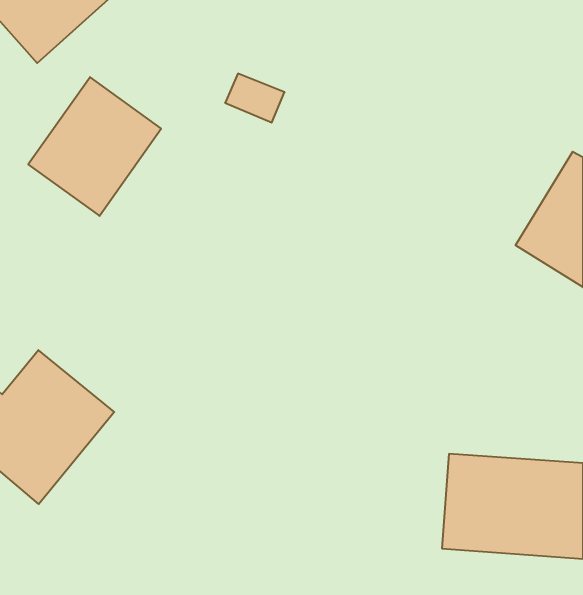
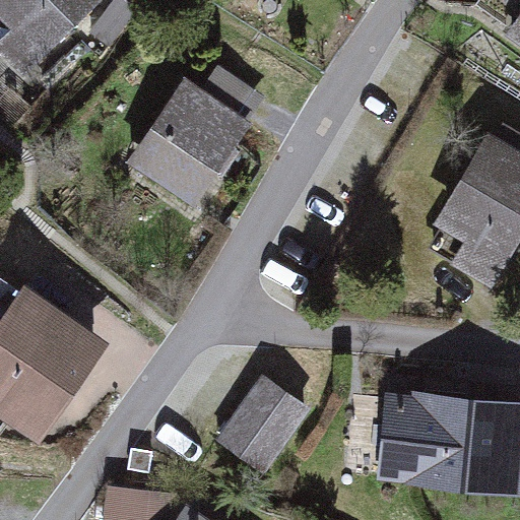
building: [28,77,161,216] -> [132,88,248,209]
building: none -> [221,380,307,470]

